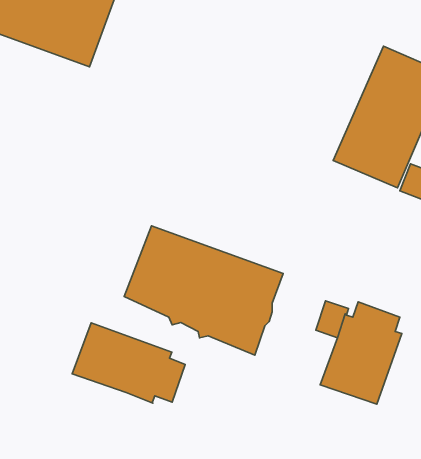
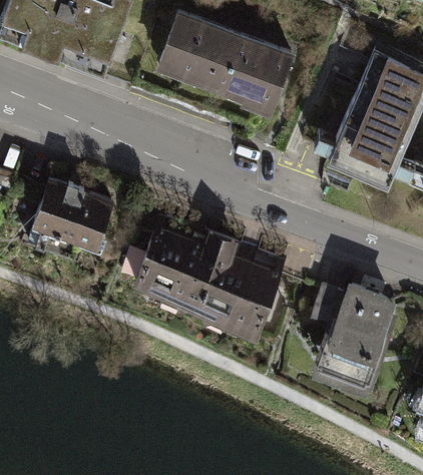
building: none -> [159,13,291,110]
building: none -> [28,180,111,258]
building: [72,323,185,403] -> none

